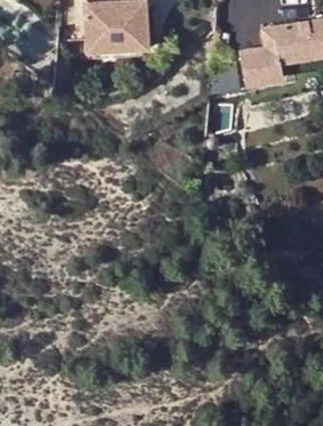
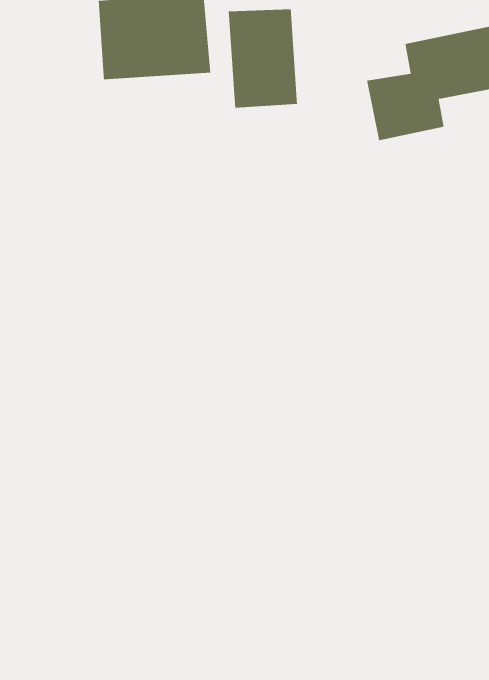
building: none -> [228,8,298,109]

